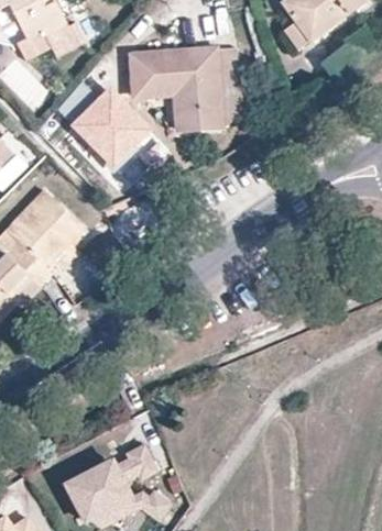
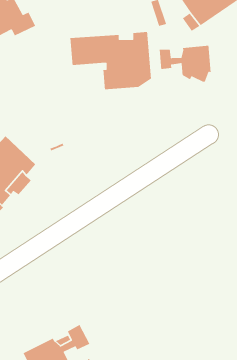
building: none -> [159,45,212,82]
building: [67,87,150,168] -> none

